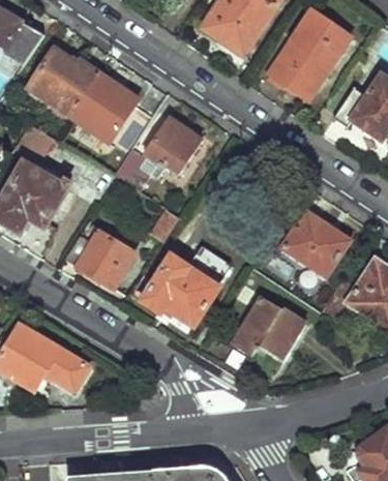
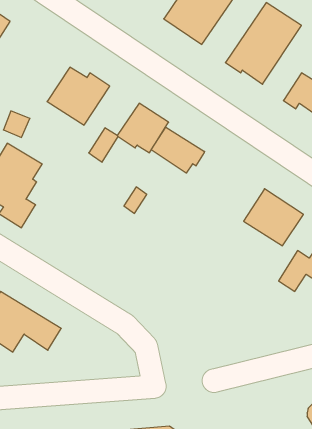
building: [29,52,99,117] -> none
building: none -> [151,127,205,173]
building: [68,223,137,288] -> none
building: [143,258,218,324] -> none
building: [233,297,307,360] -> none

